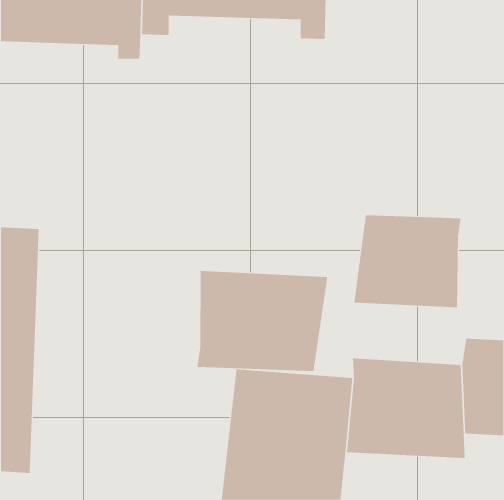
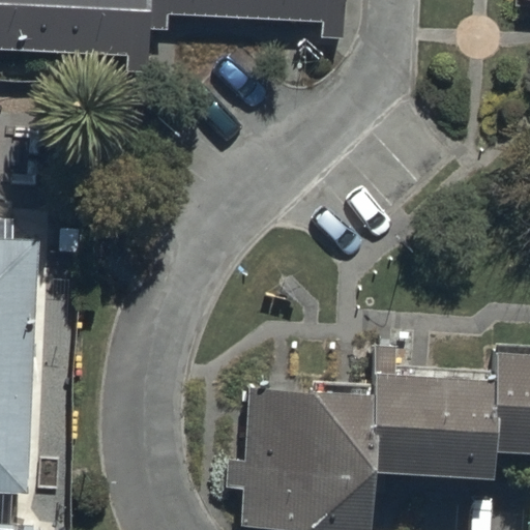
building: [354,215,461,308] -> none
building: [197,270,328,372] -> none

